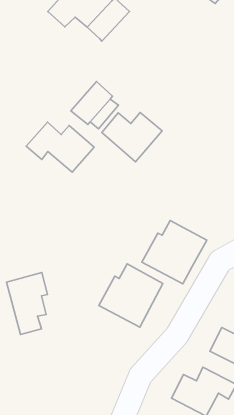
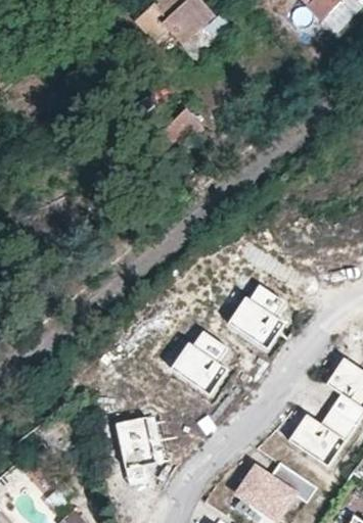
building: [102,112,162,162] -> none
building: [26,122,94,172] -> none
building: [6,273,47,334] -> [117,416,164,486]

